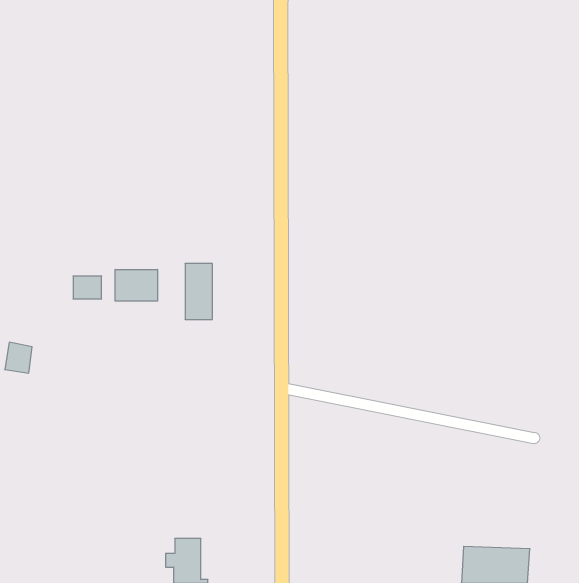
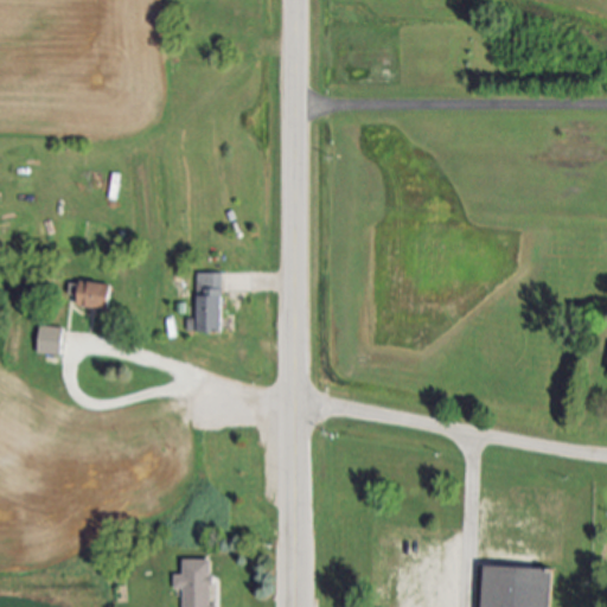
building: [115,269,157,301] -> none
building: [5,342,32,373] -> [34,325,63,357]

